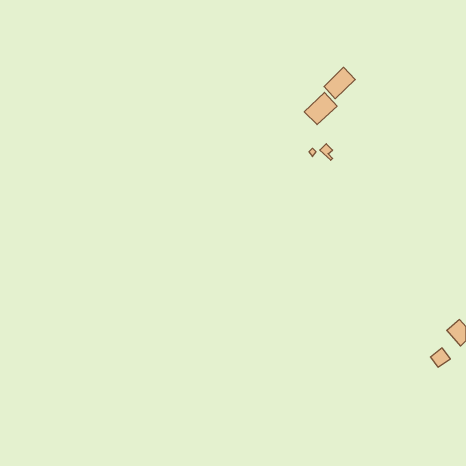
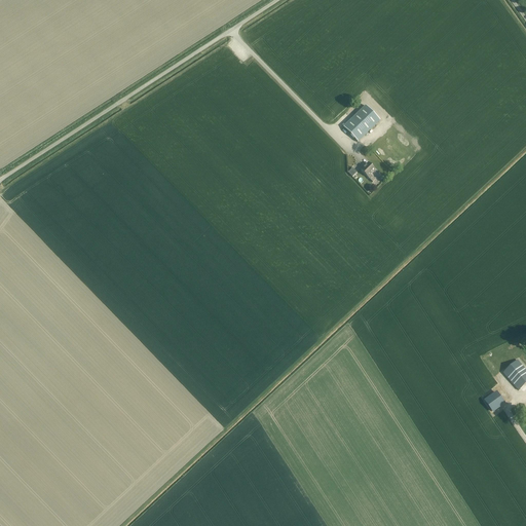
building: [324,67,355,99] -> none

